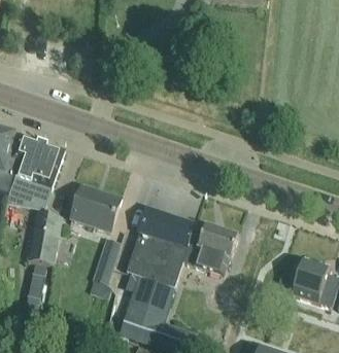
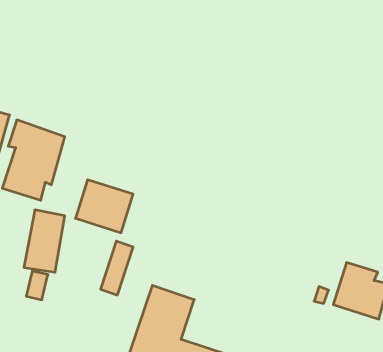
building: [125,207,237,289] -> none

